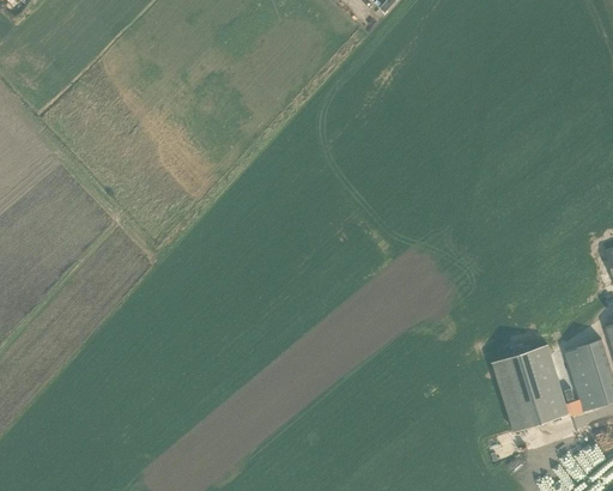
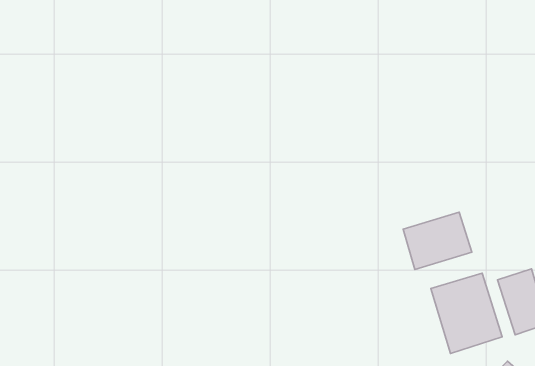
building: none -> [403,212,472,269]

